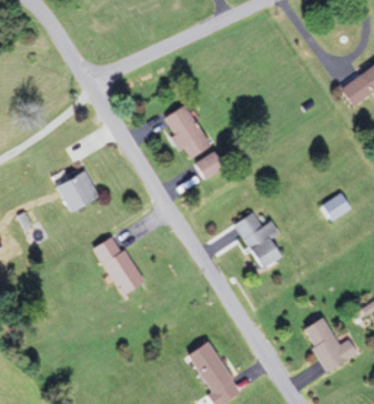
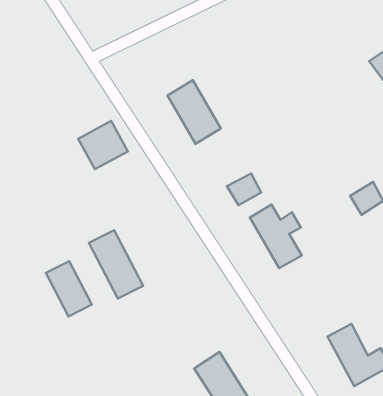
building: [194,152,224,180] -> [227,173,261,205]
building: [55,170,99,212] -> [78,121,128,169]
building: none -> [46,261,92,316]

